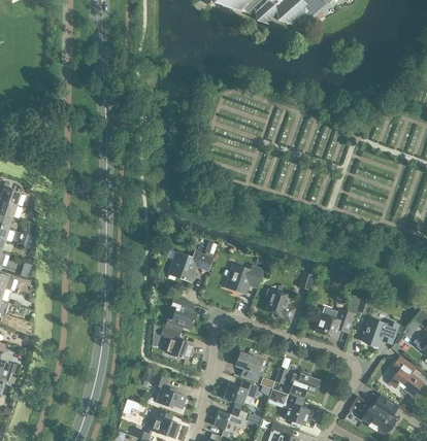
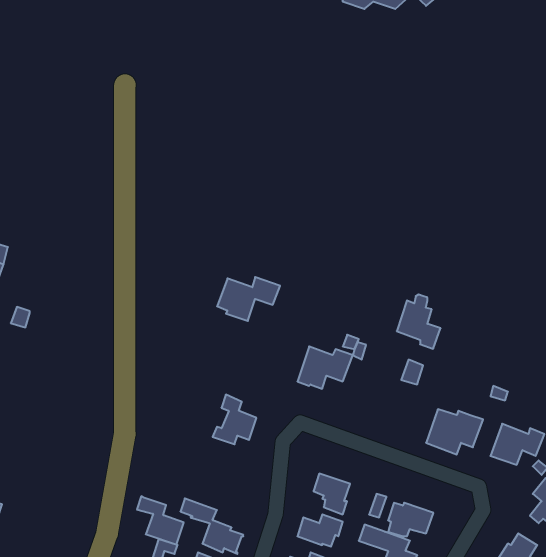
building: [169,250,214,281] -> [217,277,280,321]
building: [265,284,296,323] -> [397,295,441,349]
building: [160,326,193,360] -> [137,496,184,544]

